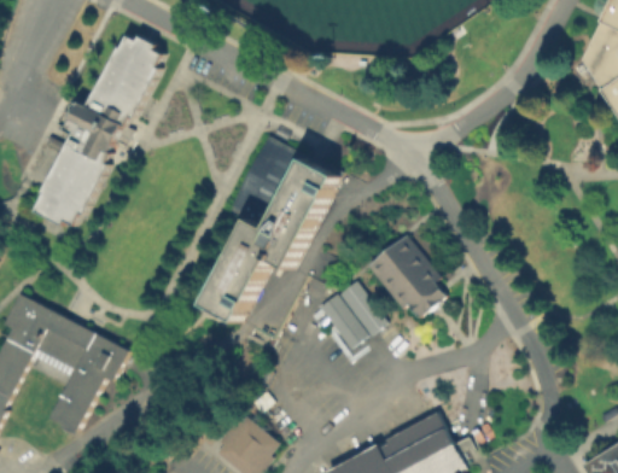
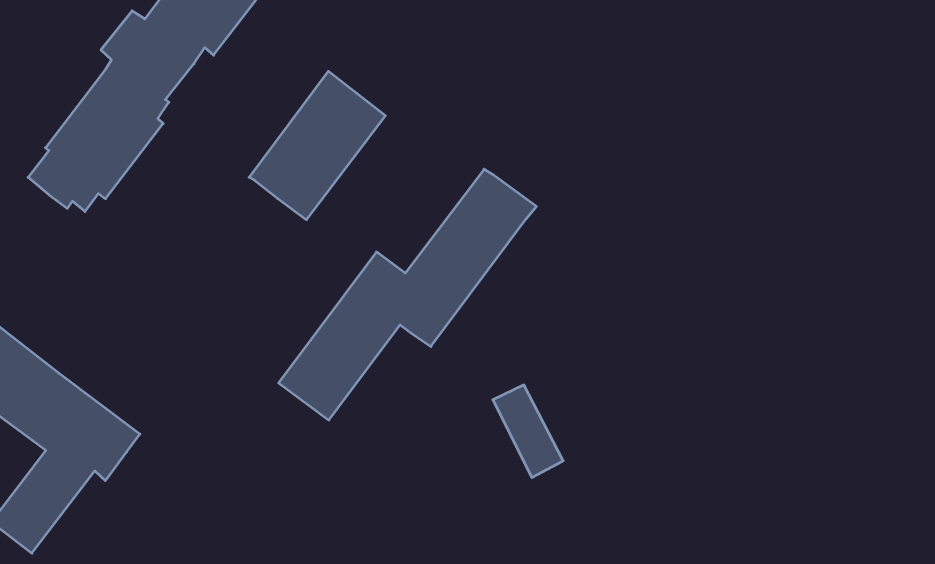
building: [231,135,305,226] -> [249,71,385,220]
building: [367,233,447,316] -> none
building: [315,293,365,348] -> none

